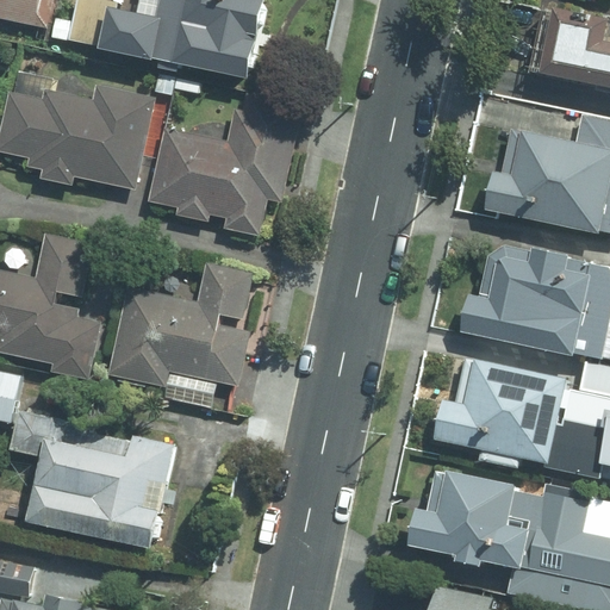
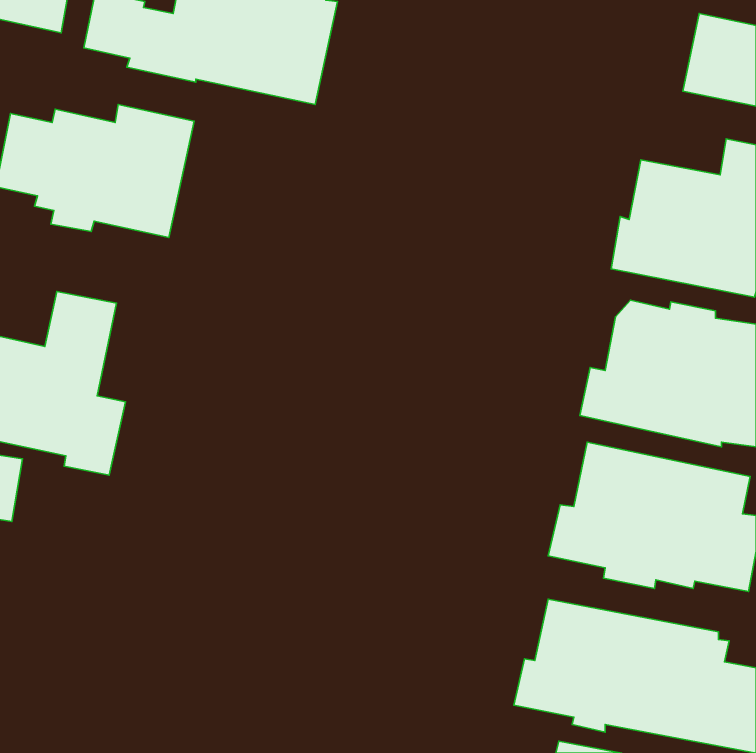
building: [147,107,290,225] -> none
building: [108,260,253,385] -> none
building: [8,407,172,546] -> none

